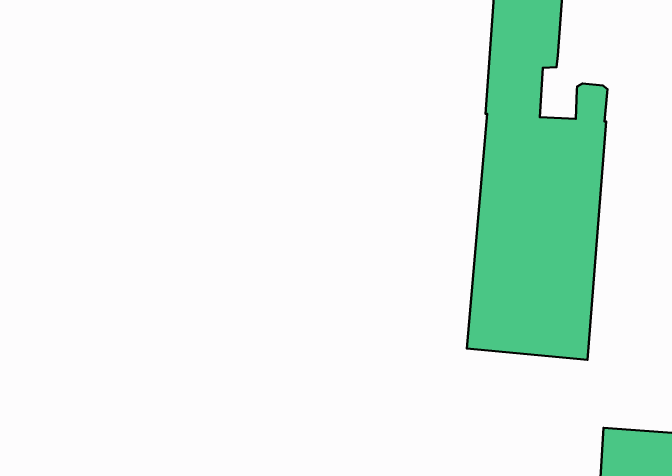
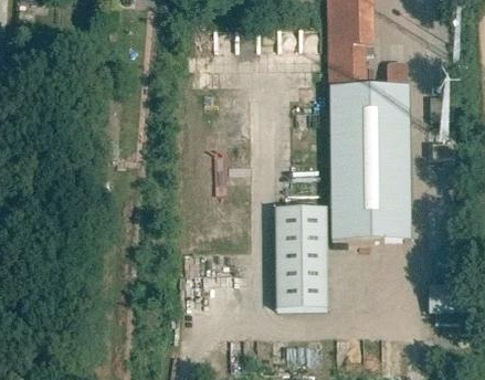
building: none -> [276,205,326,308]

